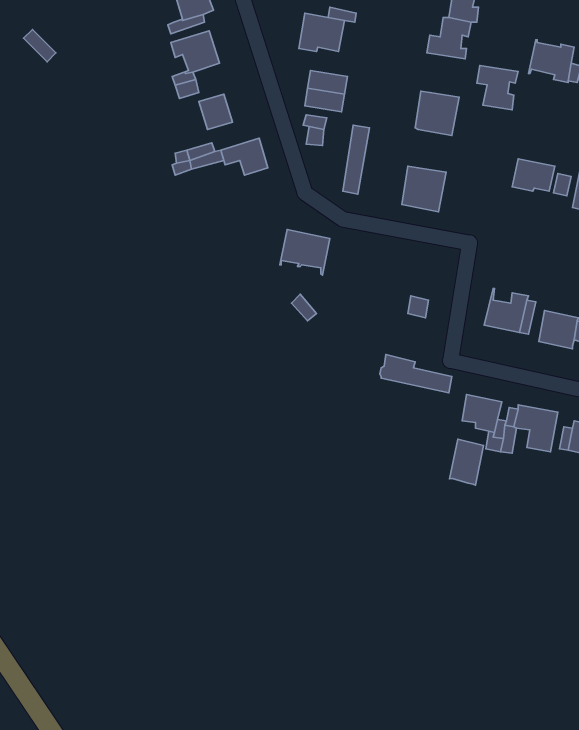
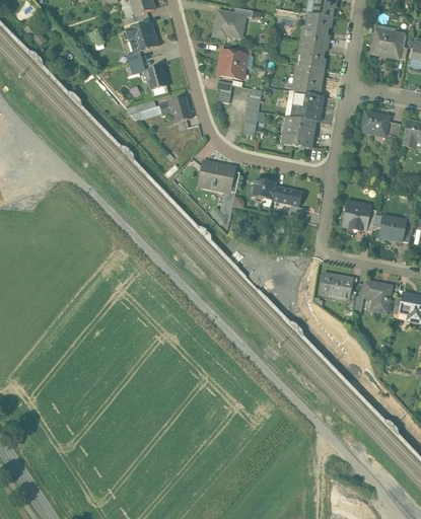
building: [477,66,518,110] -> [299,38,328,68]
building: none -> [293,90,323,121]
building: [380,355,452,393] -> [252,177,301,204]
building: [450,439,484,485] -> none

